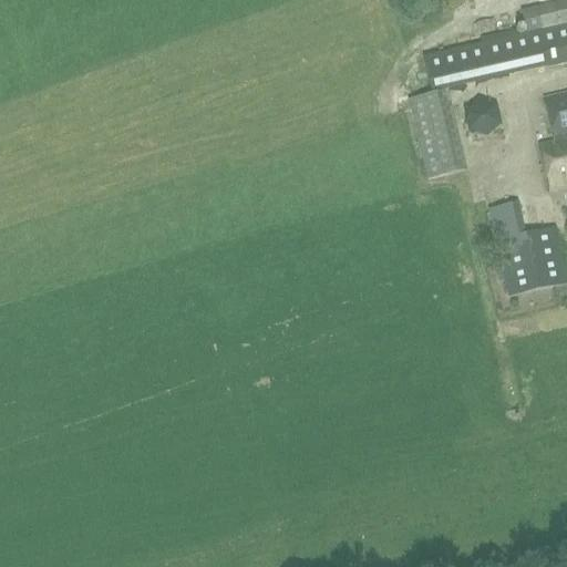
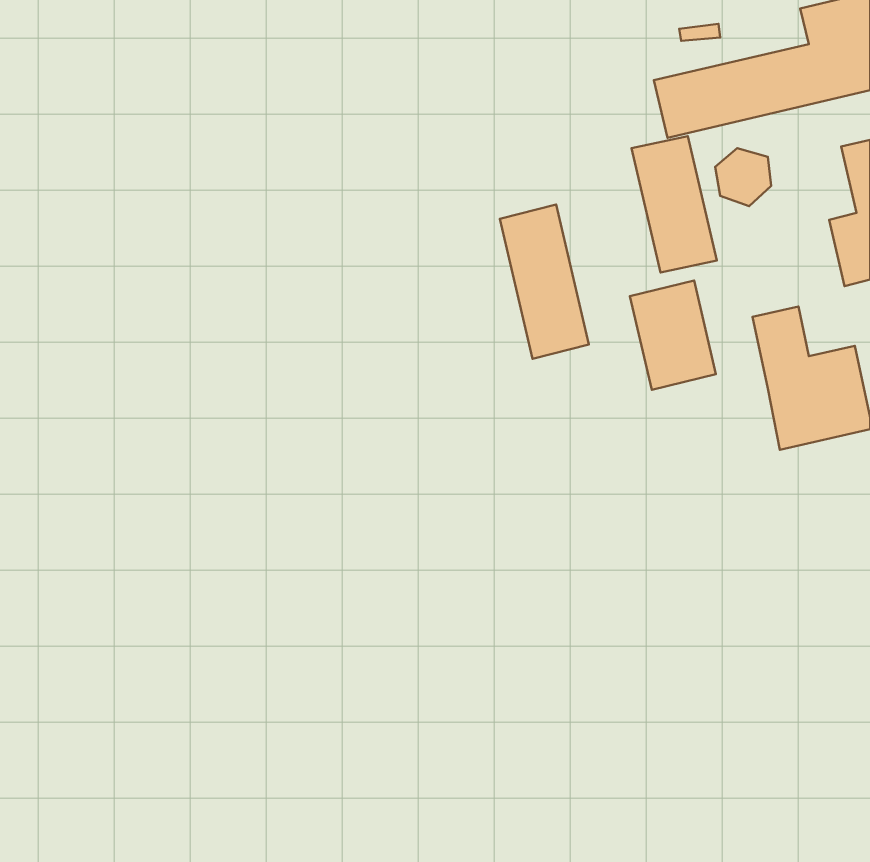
building: none -> [500,204,589,359]
building: none -> [630,280,716,390]

